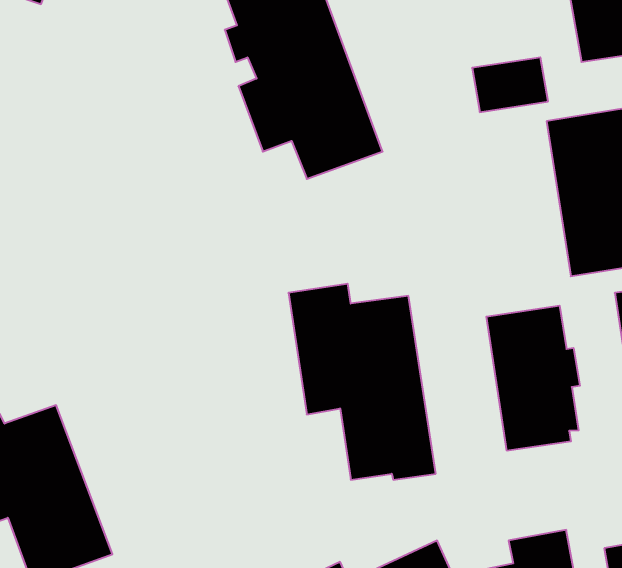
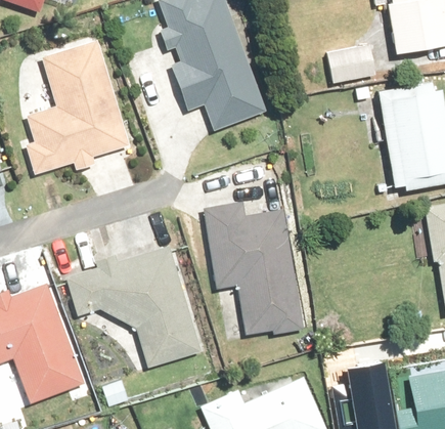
building: none -> [25,40,129,174]
building: [486,306,580,451] -> none
building: none -> [64,244,199,364]

